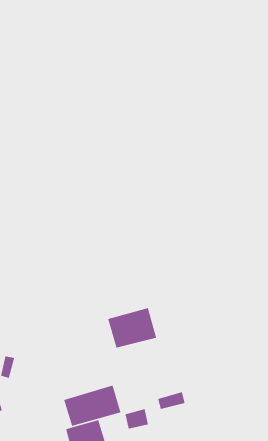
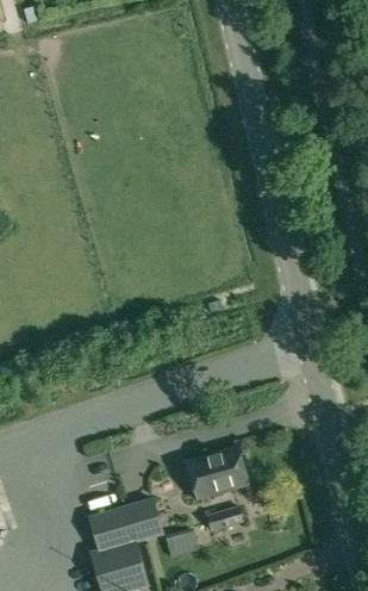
building: [107,307,157,348] -> [185,447,248,499]

